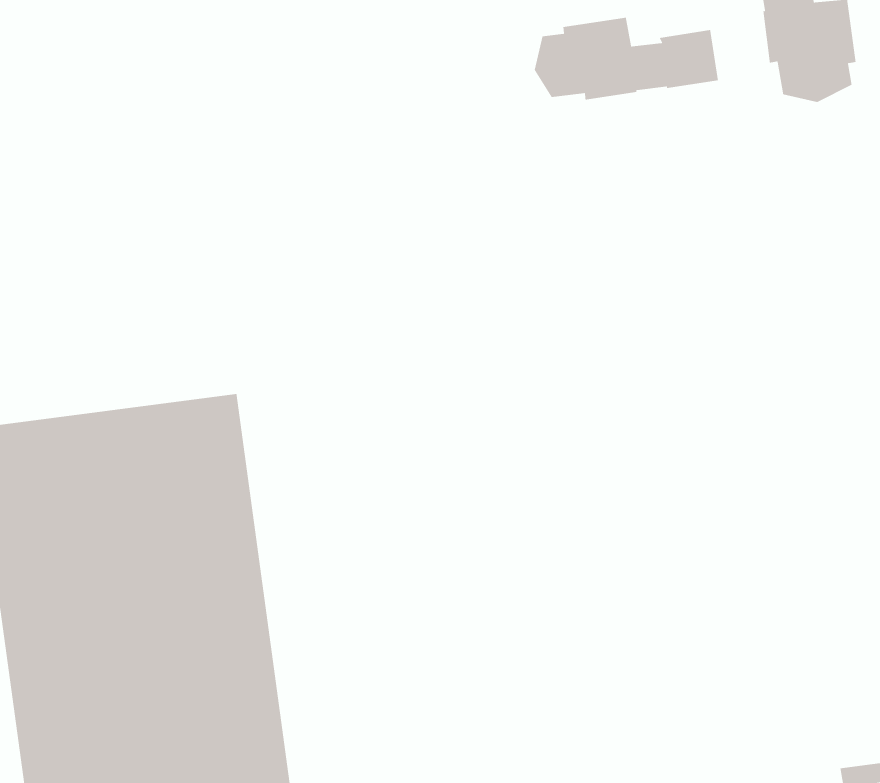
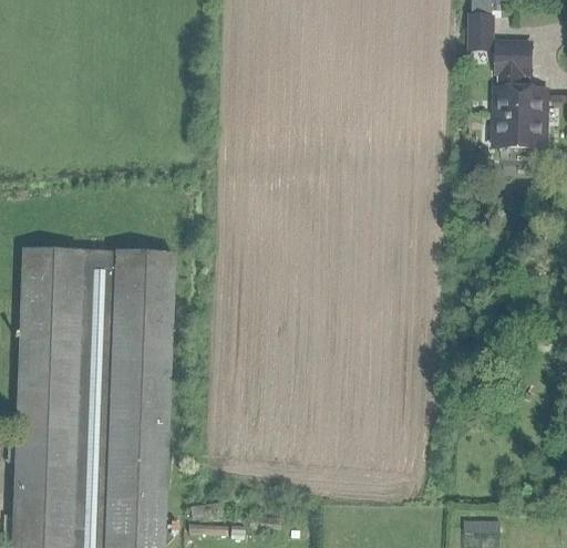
building: [534,17,719,101] -> none

